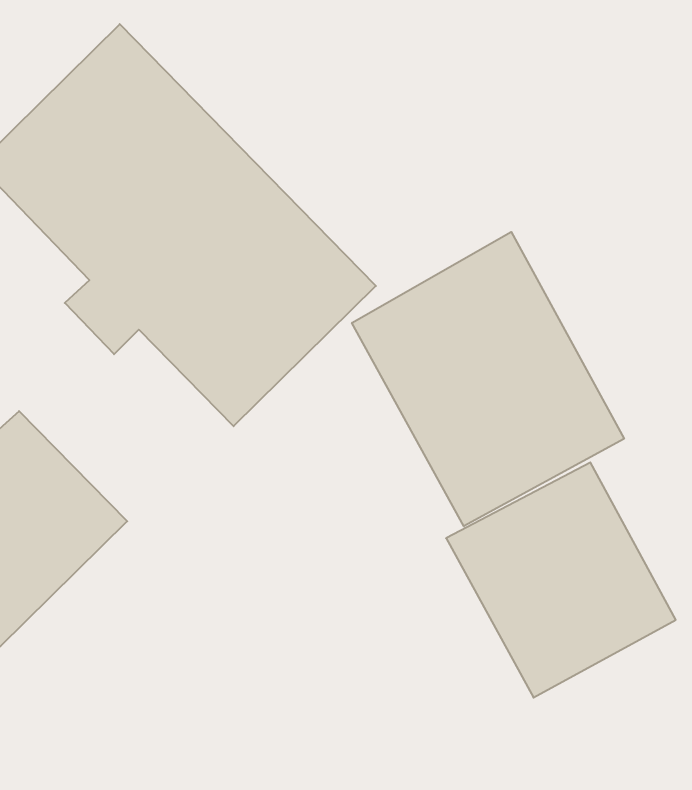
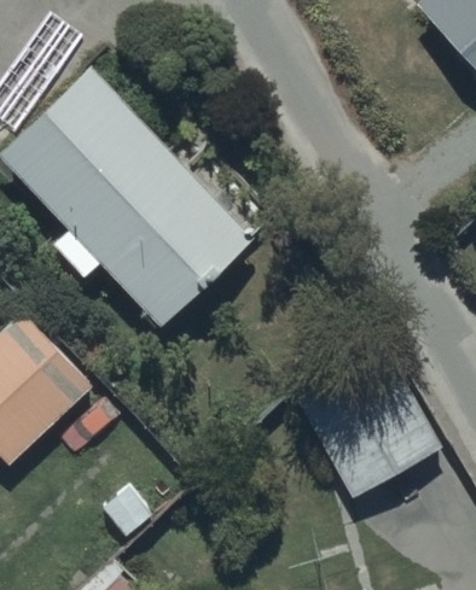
building: [352,232,624,526] -> none

